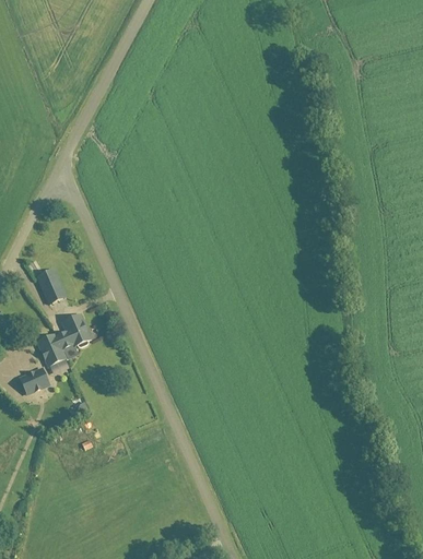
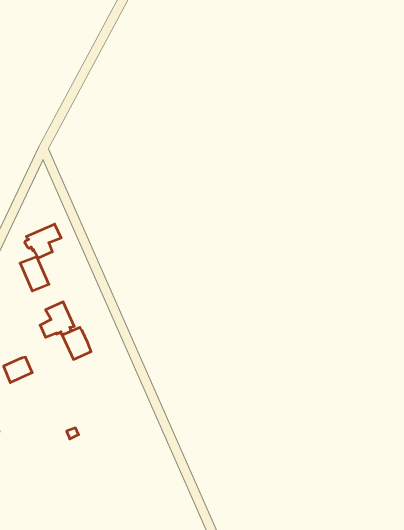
building: none -> [25,224,61,258]
building: [37,333,66,365] -> [62,327,91,359]

